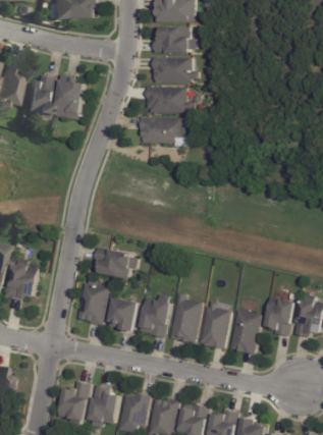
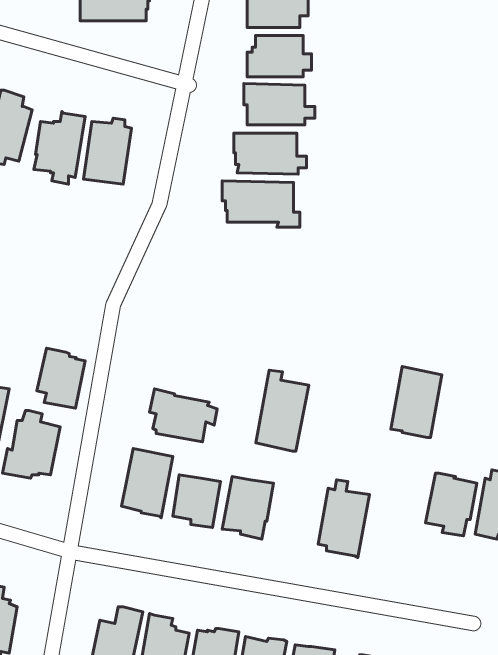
building: none -> [37,348,85,408]
building: [169,293,202,343] -> [256,370,309,451]
building: [229,311,261,355] -> [391,367,442,438]

